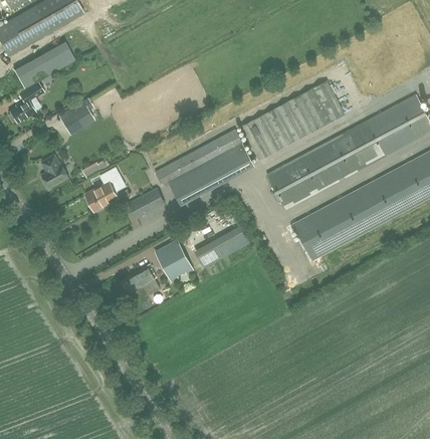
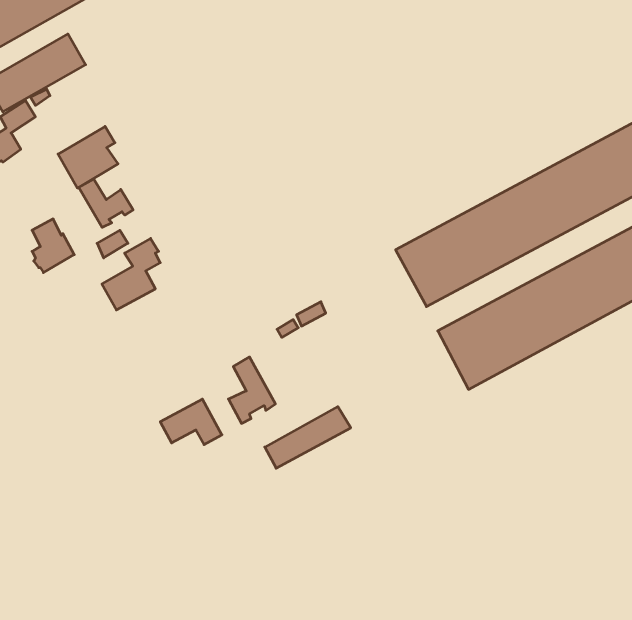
building: [240,81,343,160] -> none
building: [155,130,254,205] -> none
building: none -> [79,179,133,227]
building: [127,188,164,218] -> none
building: [196,229,249,267] -> [265,407,351,468]

